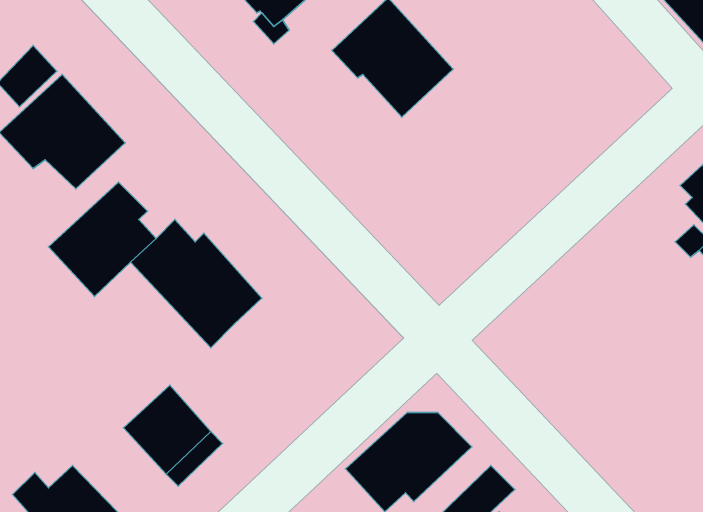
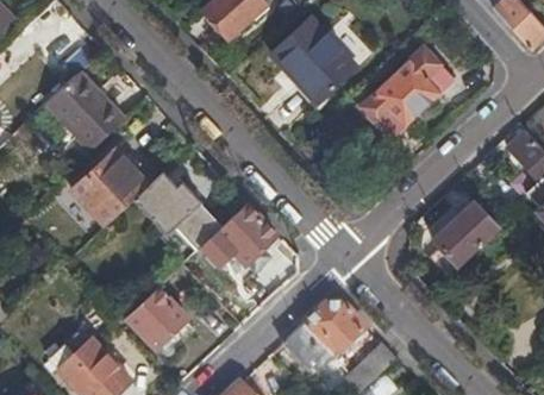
building: none -> [357,44,456,140]
building: none -> [430,198,496,263]
building: none -> [202,200,276,280]

